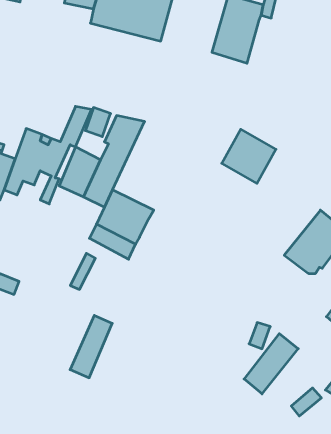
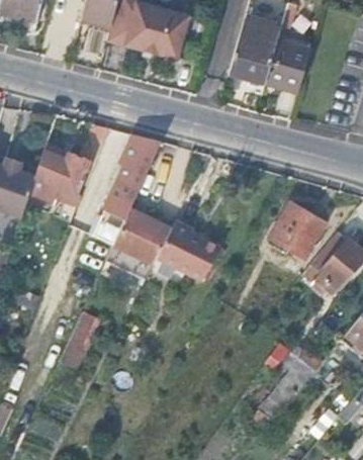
building: none -> [265,38,311,92]
building: [222,129,276,183] -> [271,203,326,258]
building: none -> [157,218,221,281]
building: [70,315,112,378] -> [58,309,100,372]

